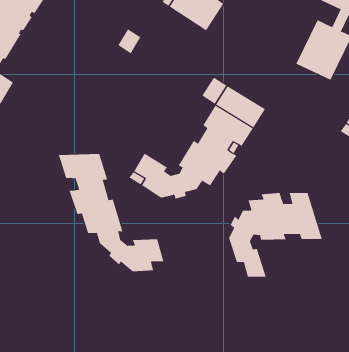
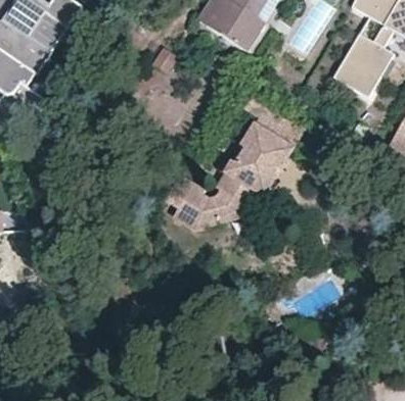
building: [58,153,164,272] -> none
building: [228,192,322,277] -> none

